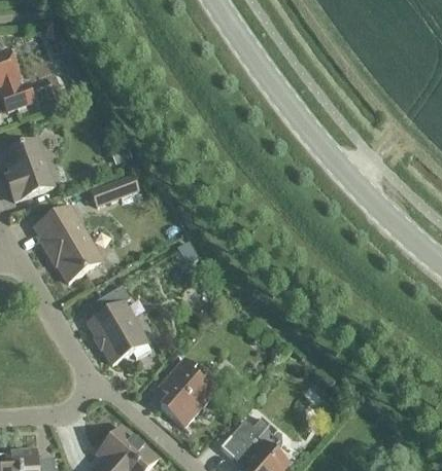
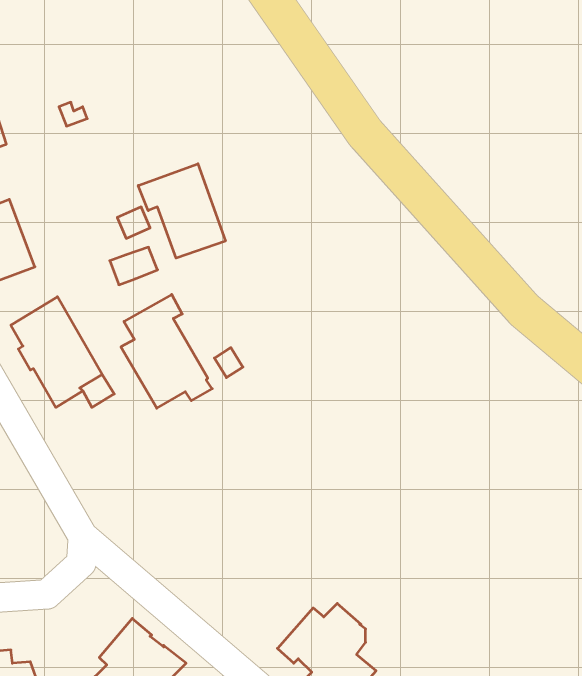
building: none -> [138,164,225,258]
building: [88,285,150,363] -> [121,294,212,408]
building: [161,357,218,426] -> none

